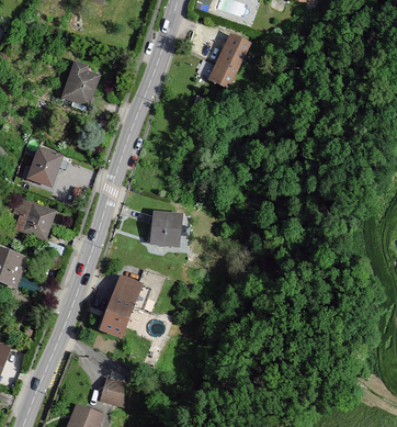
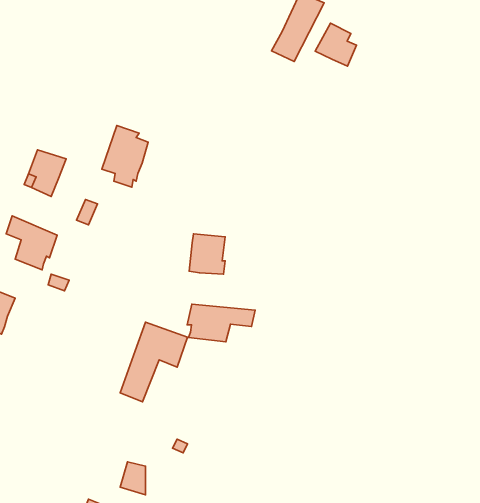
building: none -> [315,23,356,66]
building: [63,65,97,110] -> [102,126,148,187]
building: none -> [187,304,255,342]

